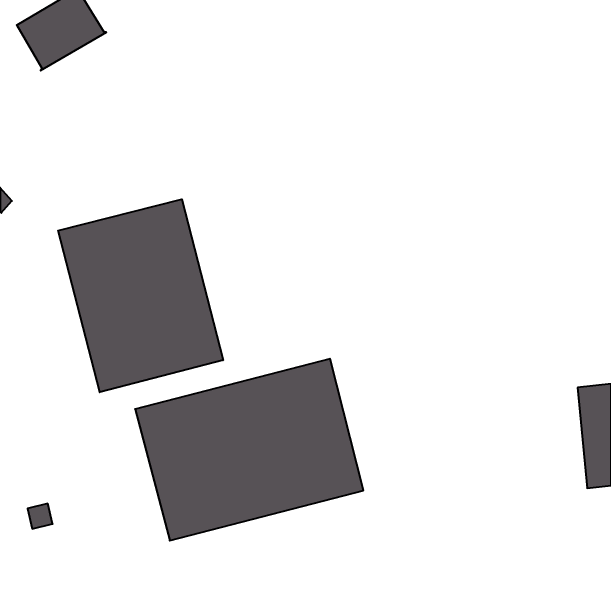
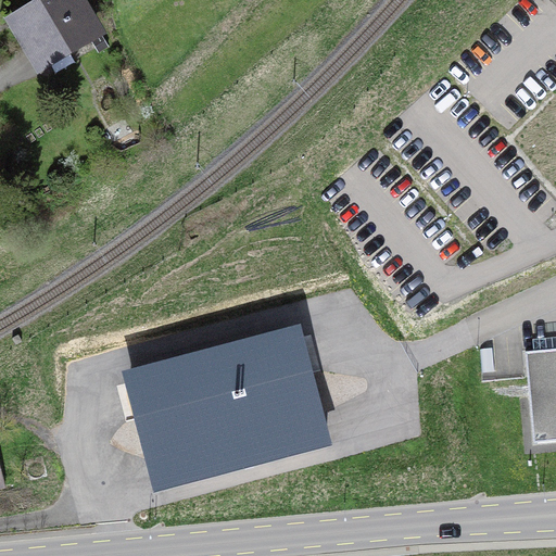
building: [58,199,223,392] -> none

